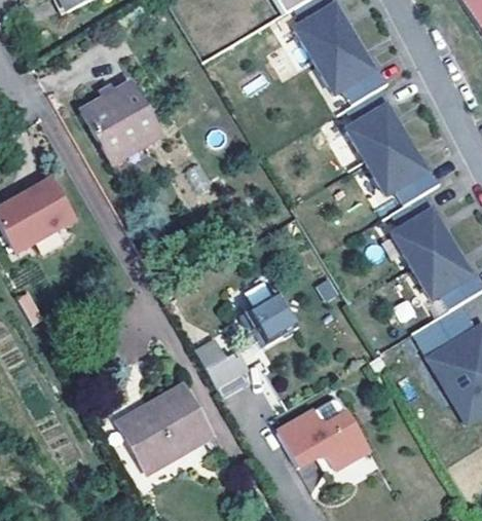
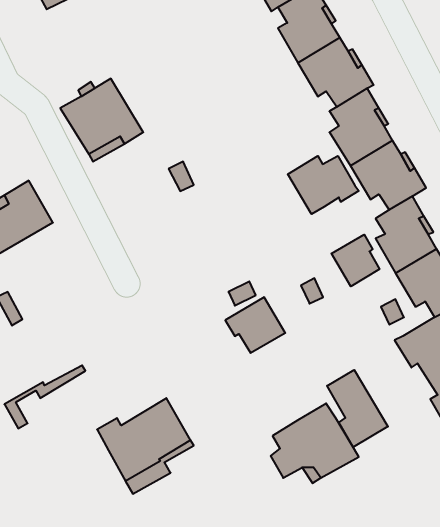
building: none -> [288,156,359,214]
building: none -> [331,235,379,286]
building: [197,338,253,398] -> none
building: none -> [327,370,388,447]
building: [106,384,185,446] -> [4,365,85,428]

